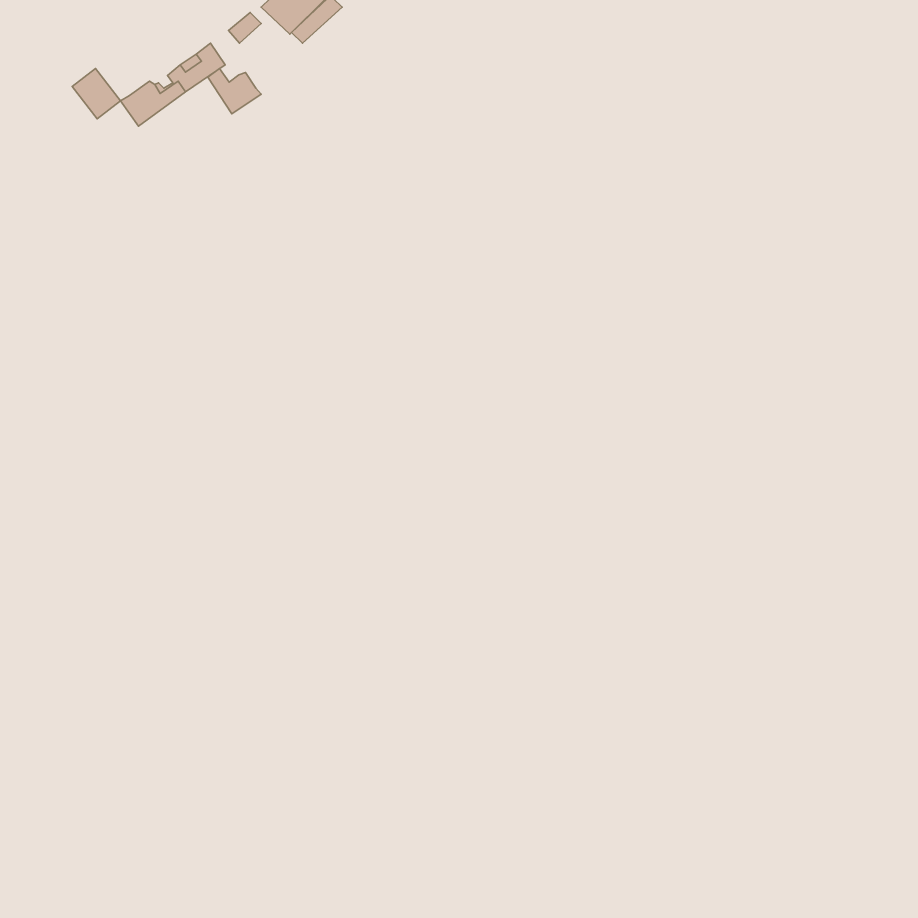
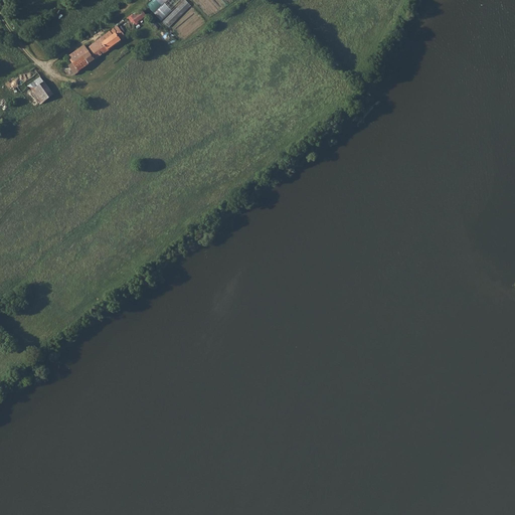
building: [72,68,121,119] -> [24,76,51,105]
building: [208,68,261,114] -> none

